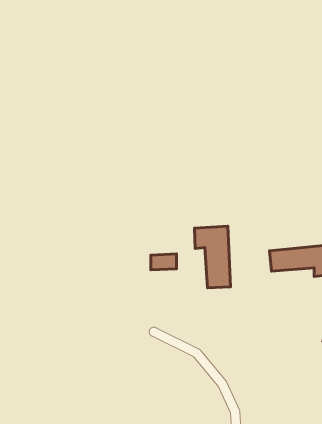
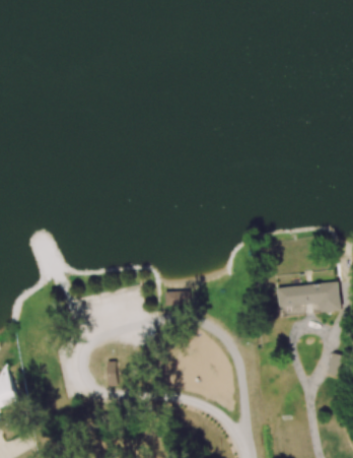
building: [194,226,230,288] -> none

